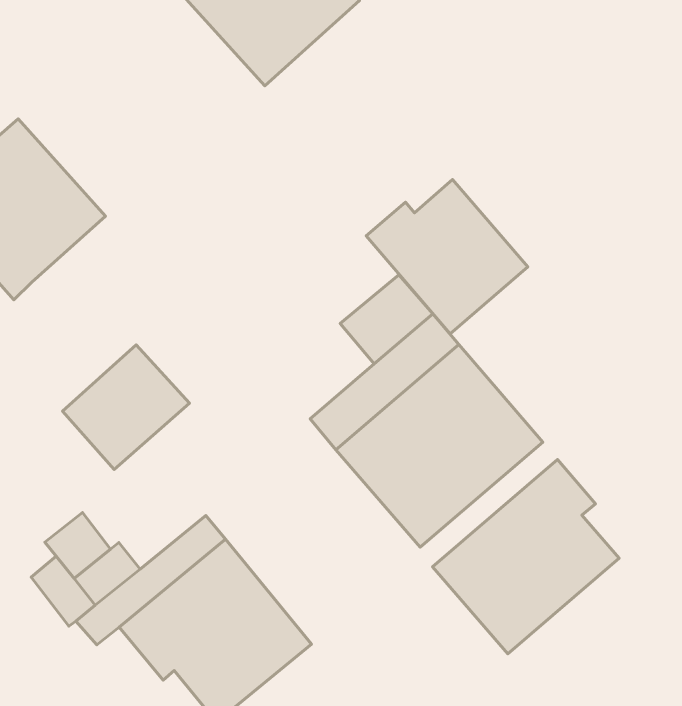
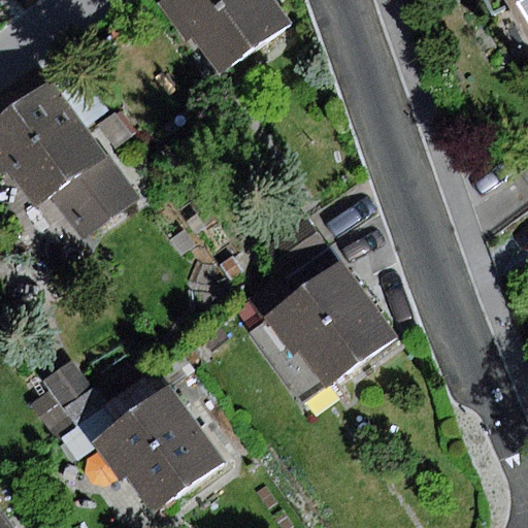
building: [366,180,528,334] -> none
building: [63,345,189,469] -> [48,156,137,241]
building: [432,460,619,654] -> none

